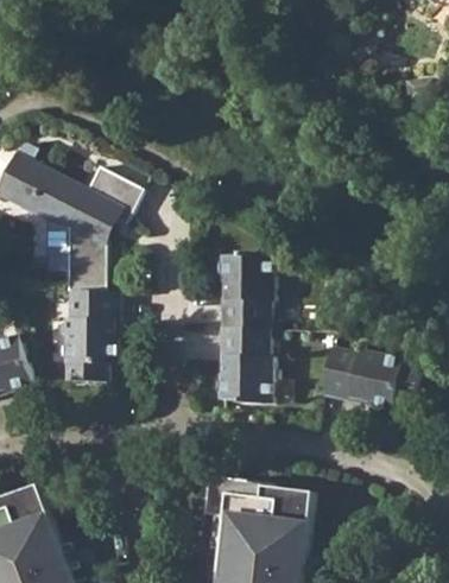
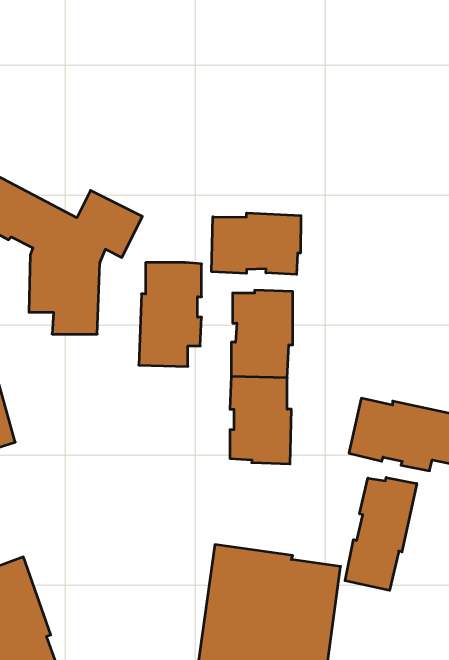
building: none -> [212,213,301,274]
building: [64,291,119,381] -> [139,263,202,366]
building: none -> [345,477,417,590]

